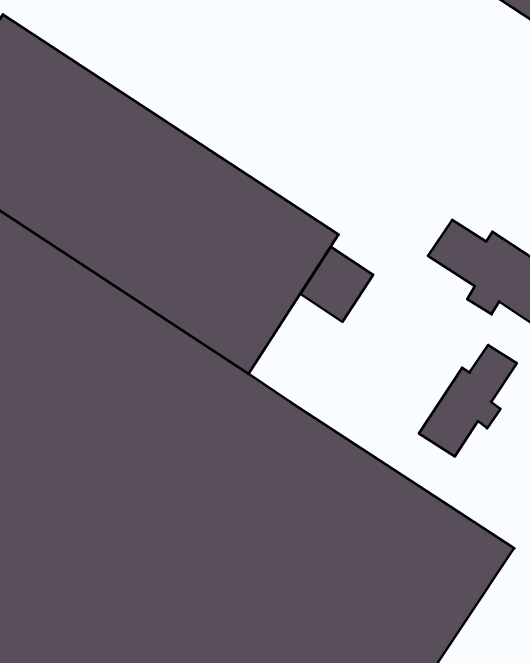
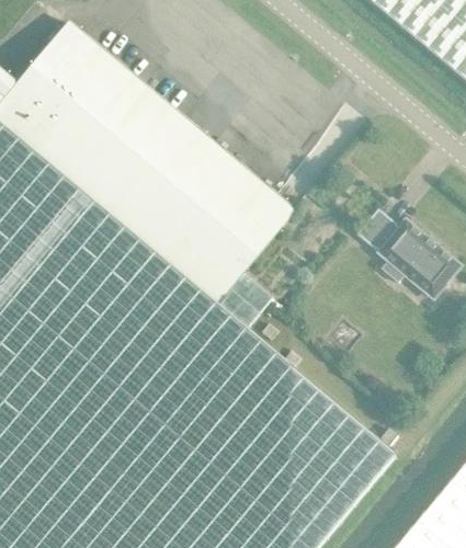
building: [300,247,373,322] -> [216,275,271,331]
building: [419,345,517,456] -> none

